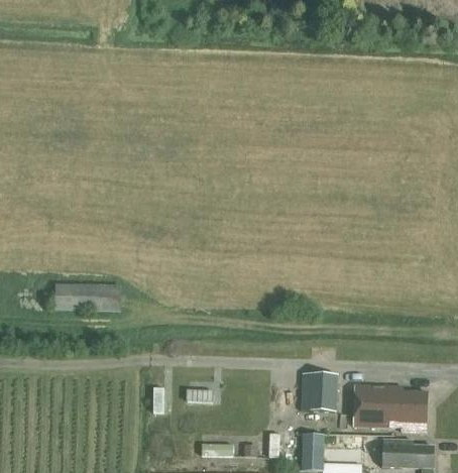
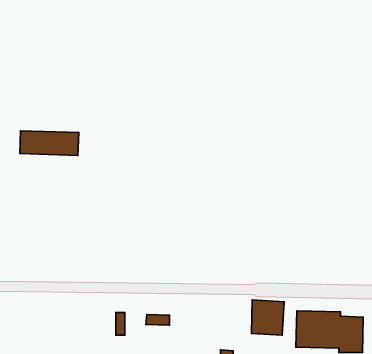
building: [54,283,120,311] -> [20,131,79,155]

